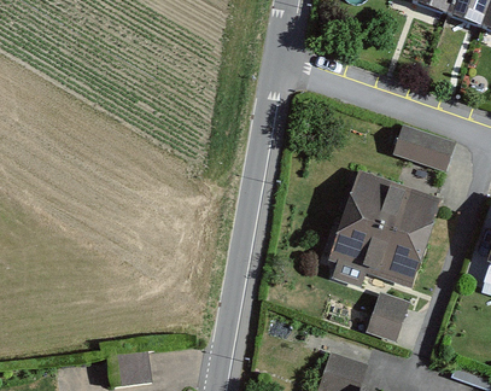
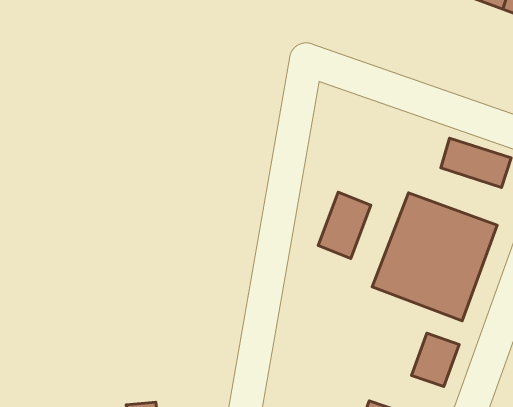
building: none -> [318,192,371,258]

